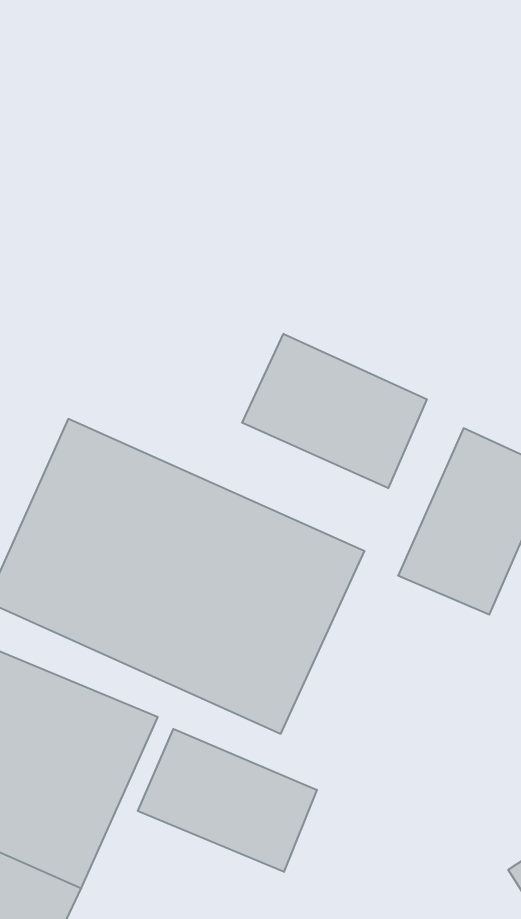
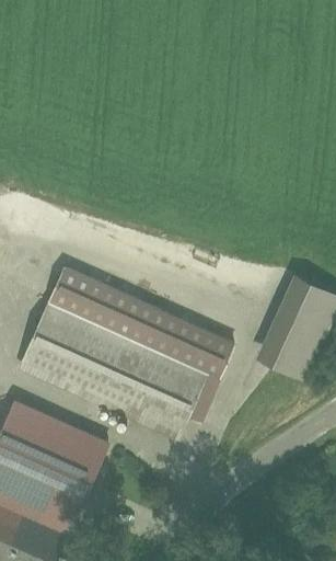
building: [242,334,427,488] -> none
building: [138,729,317,872] -> none

